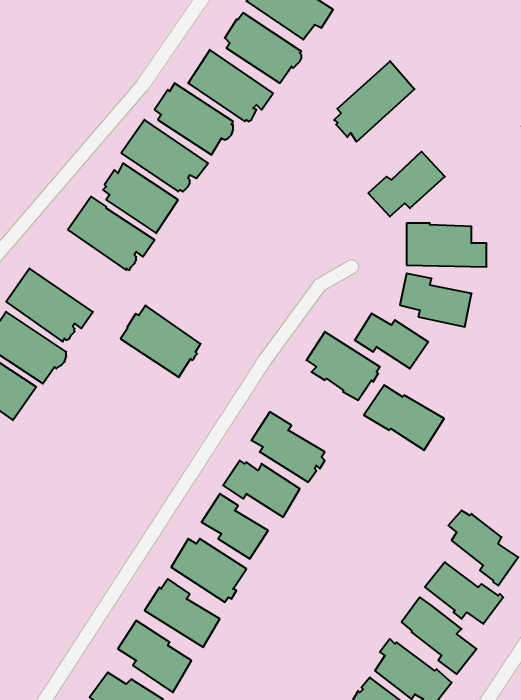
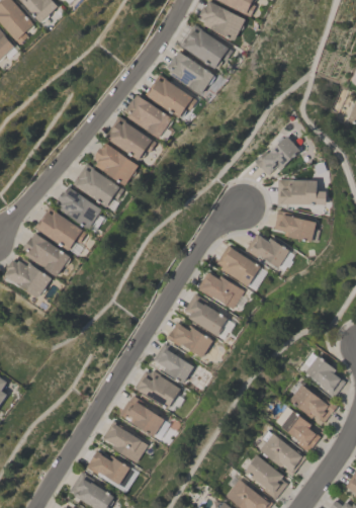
building: [334,61,415,142] -> none
building: [121,305,201,377] -> [54,186,102,230]
building: [364,385,444,450] -> [196,270,245,310]

